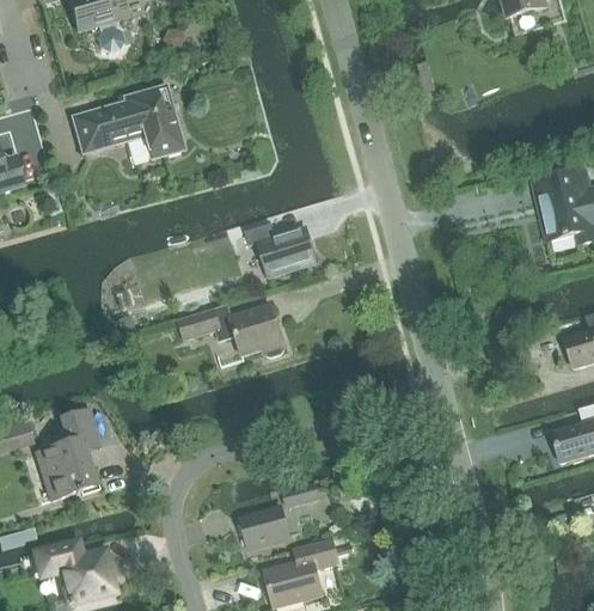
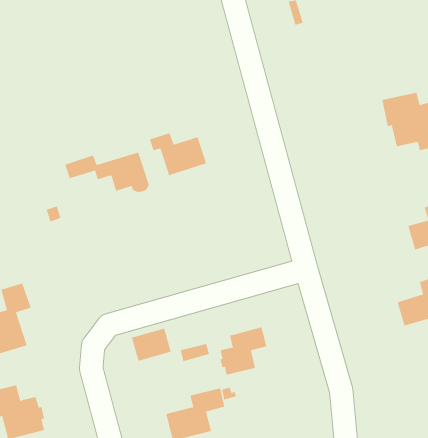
building: [73,86,182,155] -> none
building: [178,305,283,355] -> [64,152,149,192]
building: none -> [220,327,267,375]
building: [239,506,289,548] -> [131,328,172,362]

